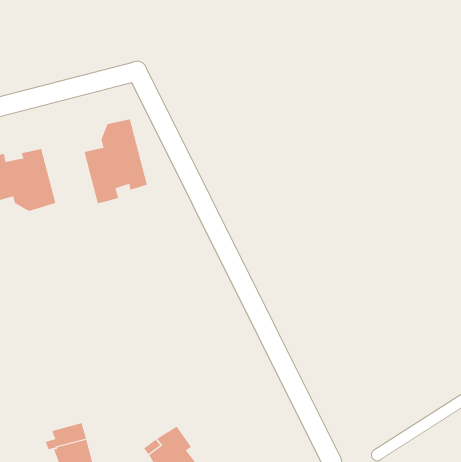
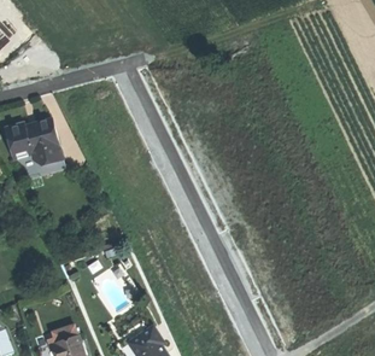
building: [84,119,147,204] -> none

